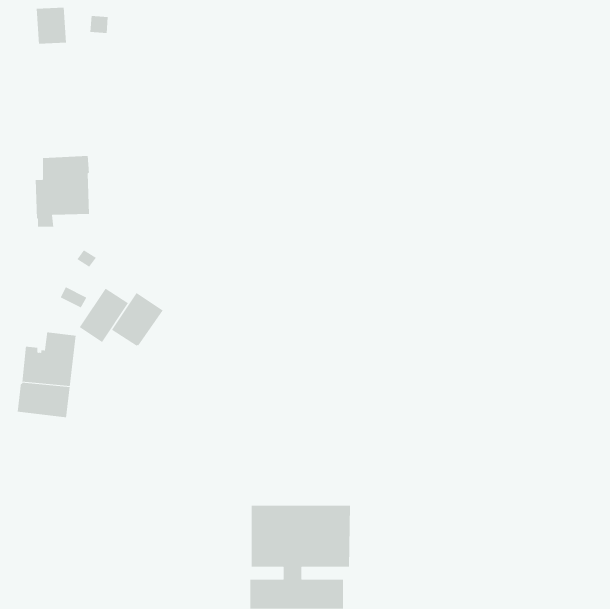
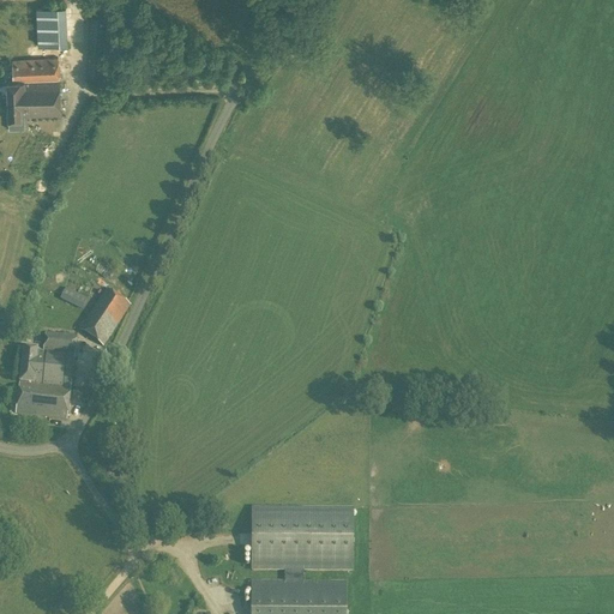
building: [35,156,90,227] -> [5,56,60,128]
building: [111,292,164,347] -> none

